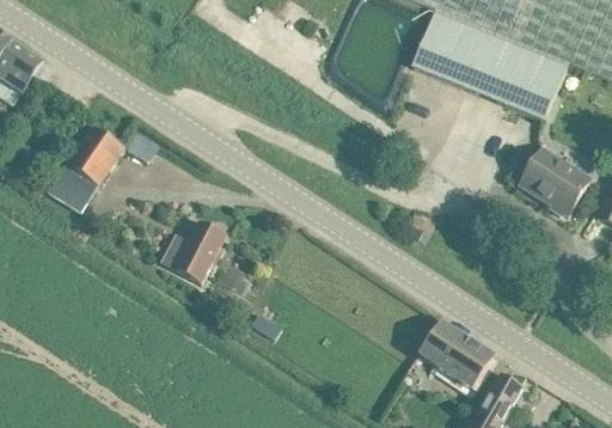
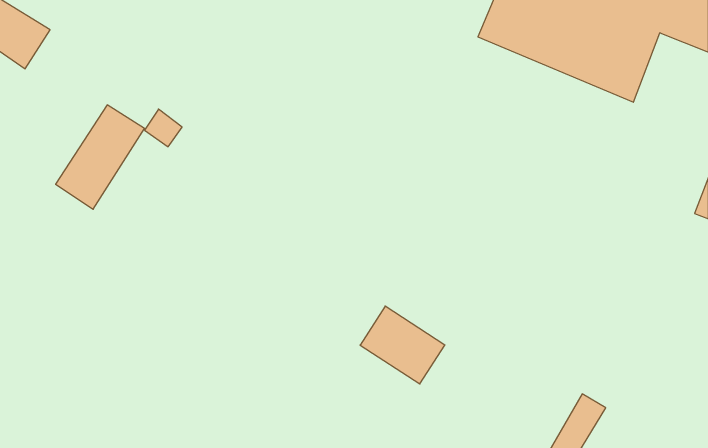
building: [520,147,592,214] -> none
building: [163,220,226,282] -> none
building: [421,320,494,387] -> [360,306,445,384]

